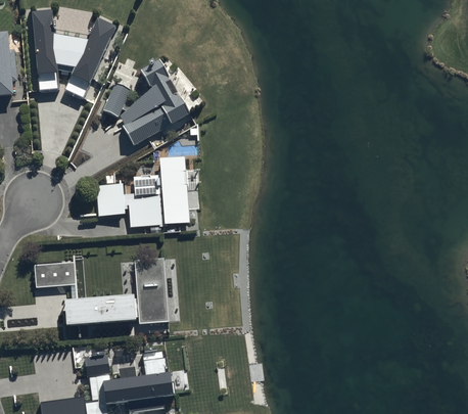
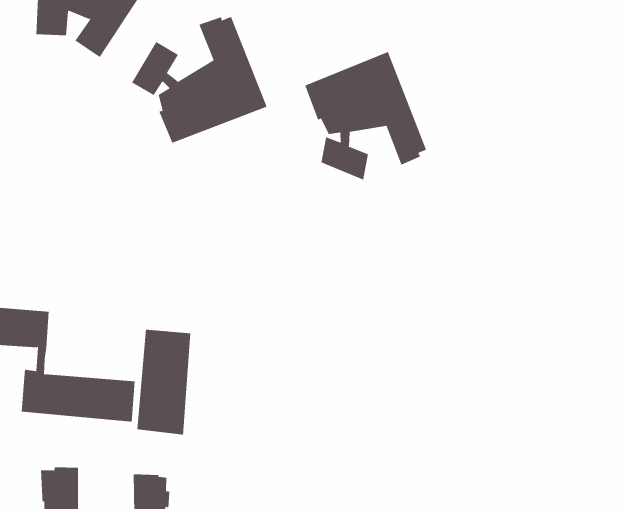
building: none -> [305,51,427,180]
building: [96,156,189,227] -> none

